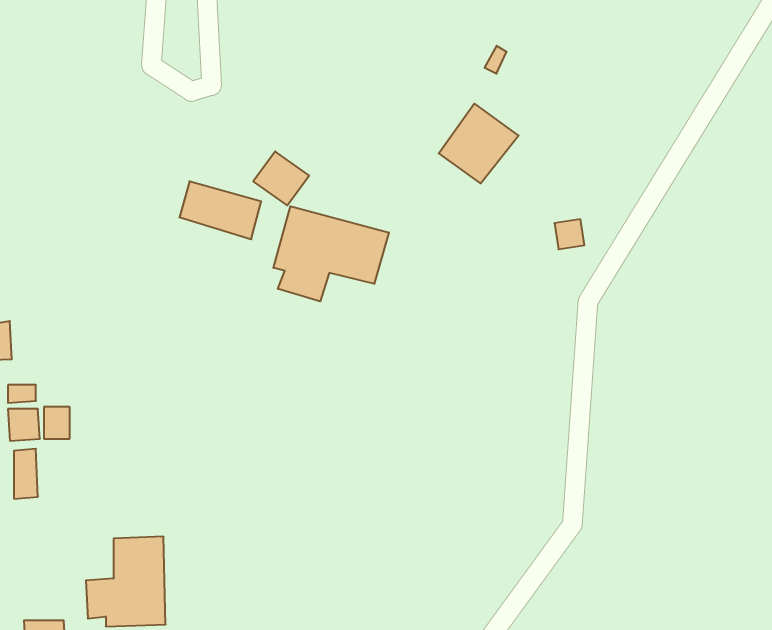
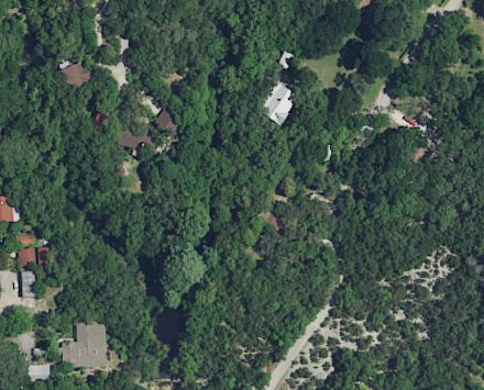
building: none -> [62,62,90,89]
building: [273,206,389,301] -> none

